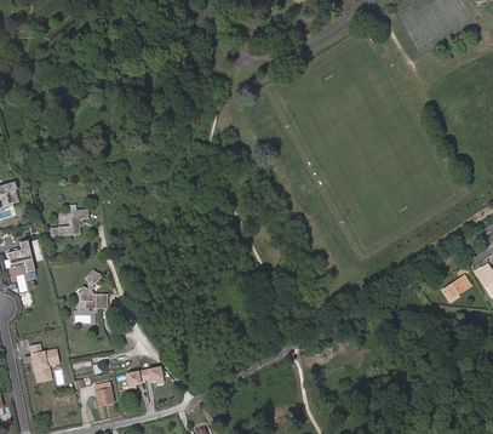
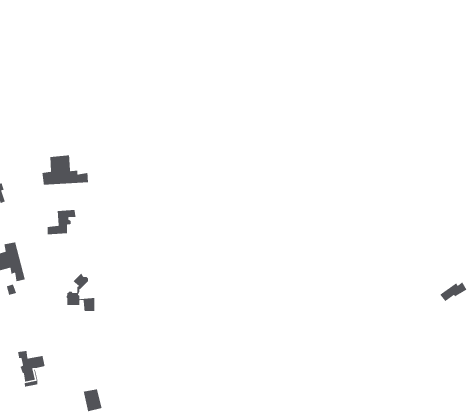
building: none -> [41,154,89,186]
building: [124,366,161,389] -> none

